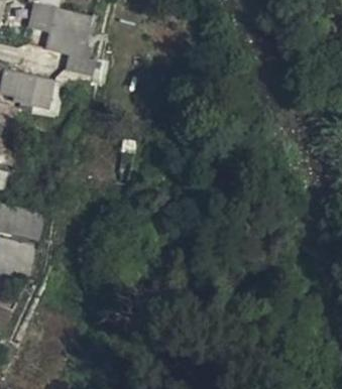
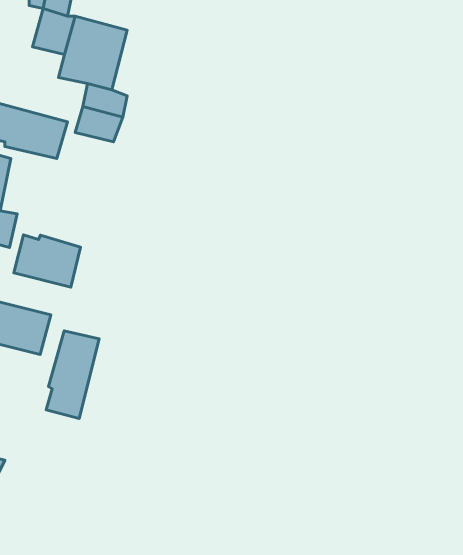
building: none -> [14,235,80,287]
building: none -> [46,331,99,418]

